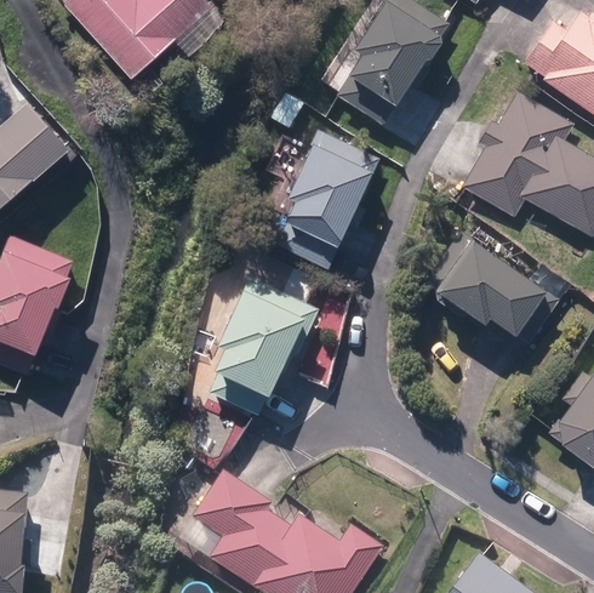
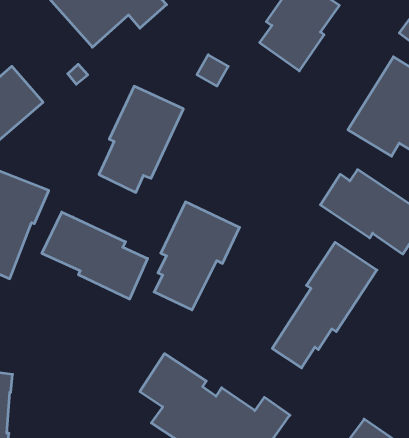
building: [272,129,379,264] -> [99,86,183,192]
building: none -> [42,212,148,299]
building: none -> [272,242,377,368]

